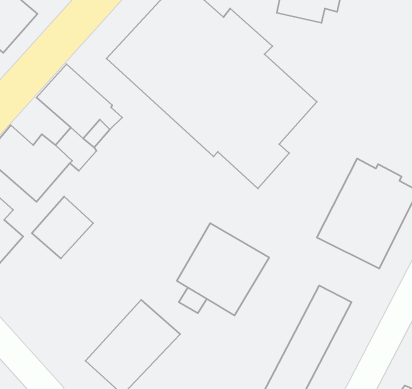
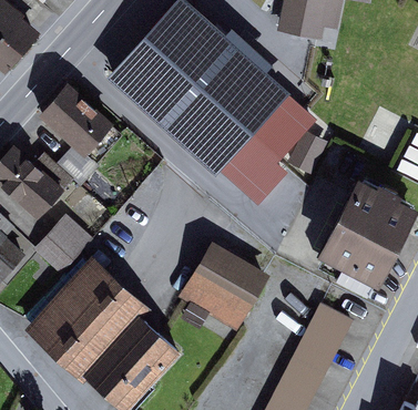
building: none -> [24,257,150,383]

